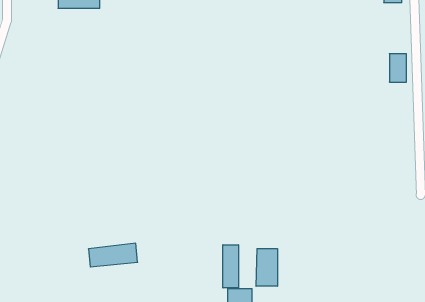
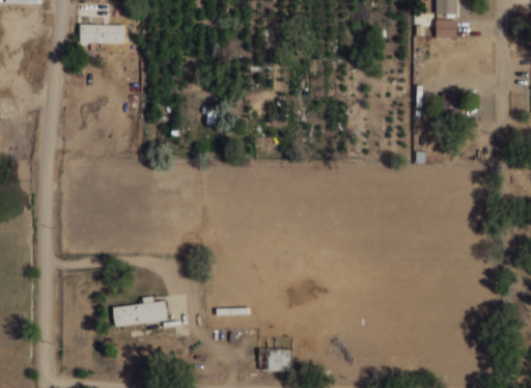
building: [223,245,238,288] -> none
building: [256,249,277,286] -> none

